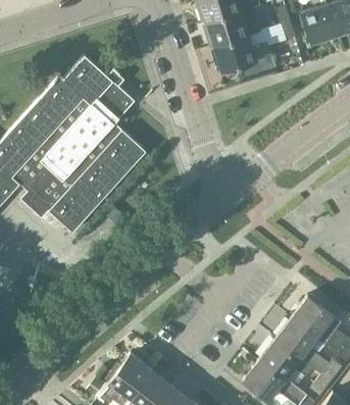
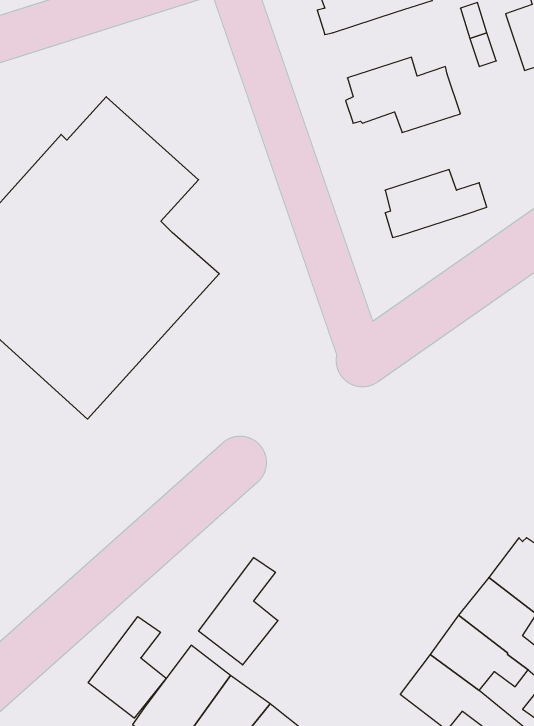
building: [206,11,261,48] -> [385,170,487,237]
building: none -> [199,558,278,665]
building: none -> [88,617,166,718]

